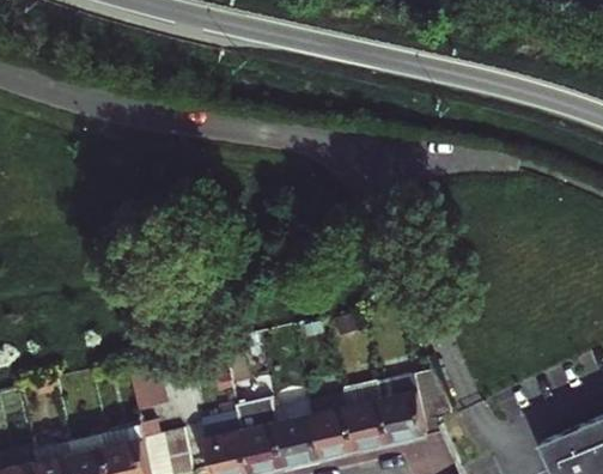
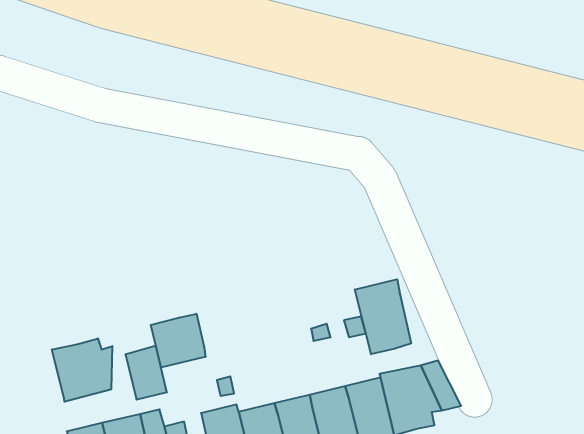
building: none -> [355,279,411,354]
building: none -> [151,314,205,368]
building: none -> [52,338,112,402]

